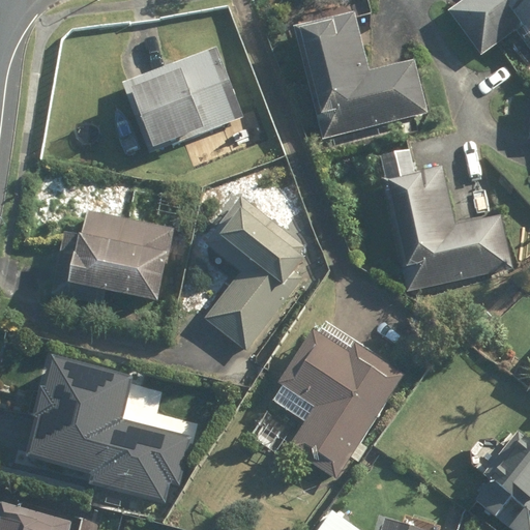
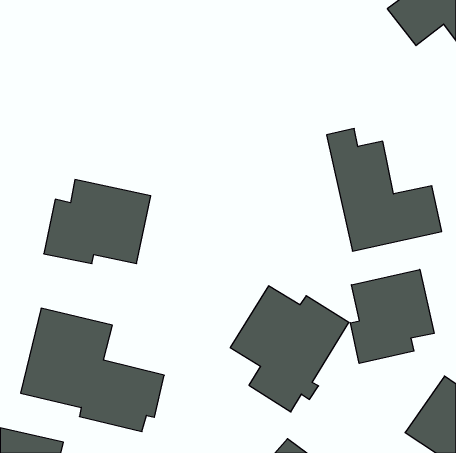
building: [293,8,428,140] -> none
building: [120,45,244,153] -> none
building: [206,201,311,348] -> none
building: none -> [350,269,434,363]

